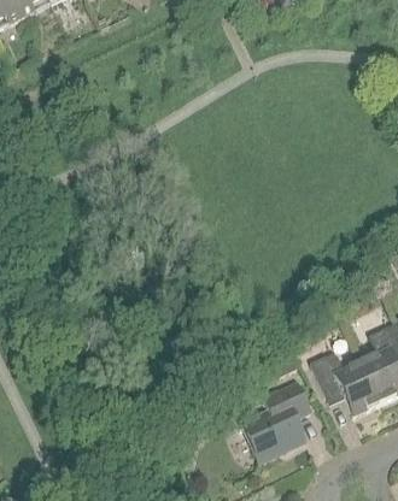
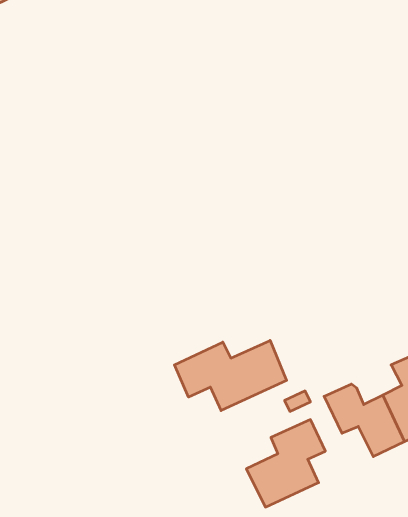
building: none -> [174,340,287,411]

